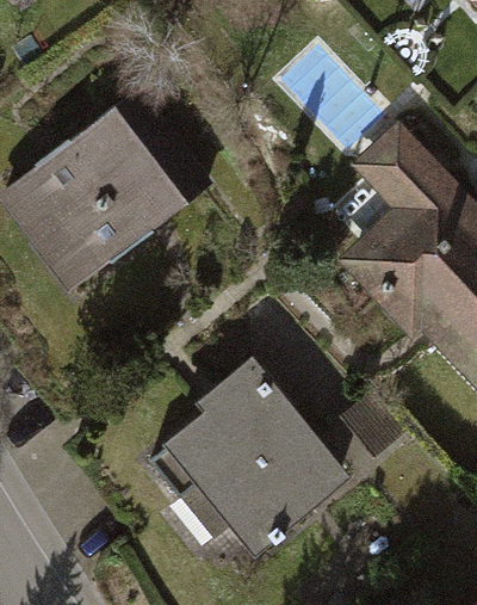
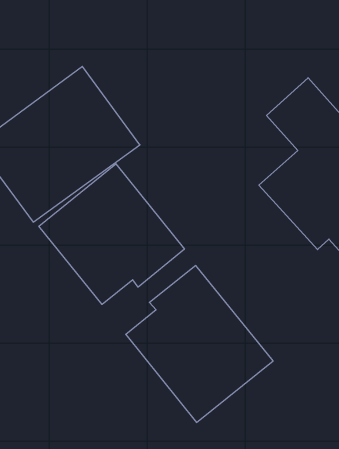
building: none -> [39,164,184,304]

